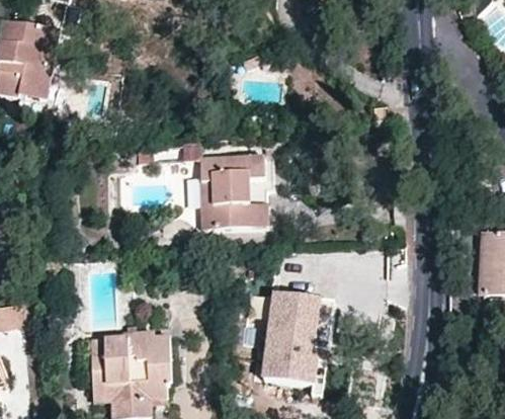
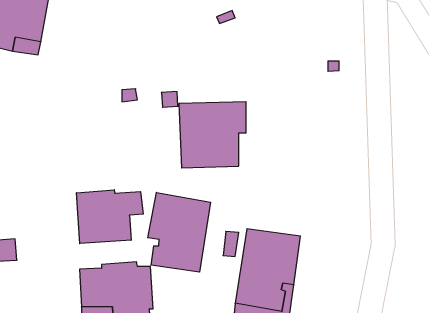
building: none -> [77,190,143,244]
building: none -> [148,192,211,272]

